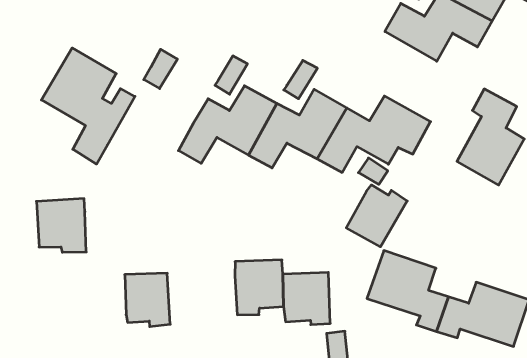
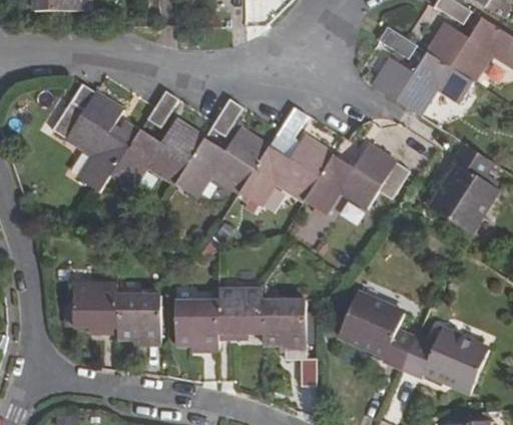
building: none -> [111,118,206,187]
building: [346,185,407,247] -> none
building: [36,199,86,252] -> [76,284,120,333]
building: none -> [177,302,221,351]

